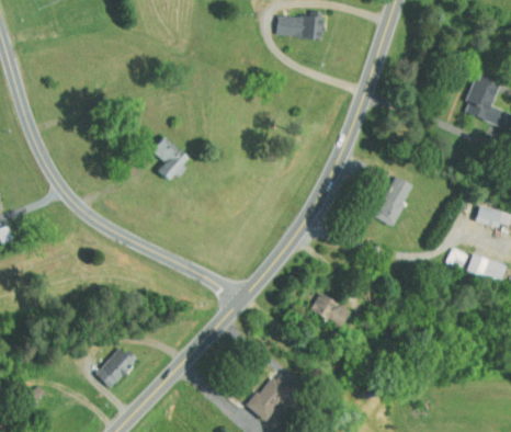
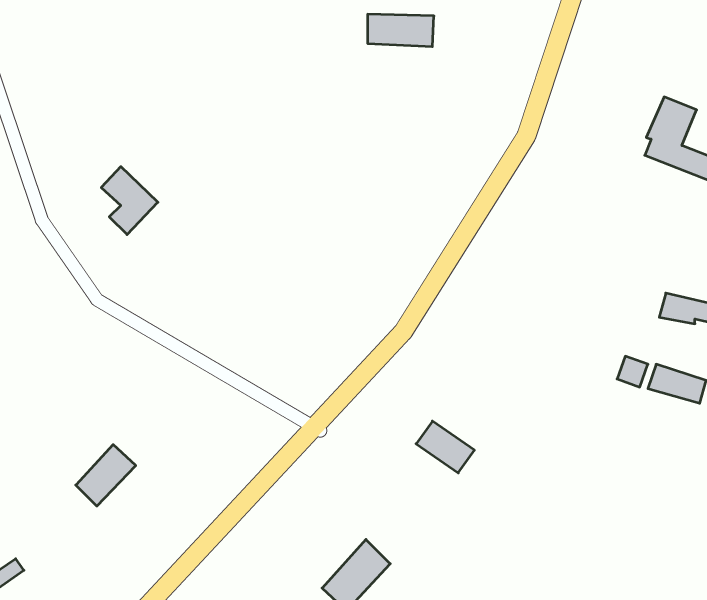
building: [151,135,190,181] -> [101,167,158,235]
building: [374,174,413,225] -> none
building: [95,345,136,387] -> [76,445,136,506]

